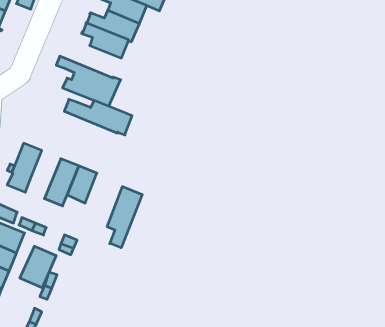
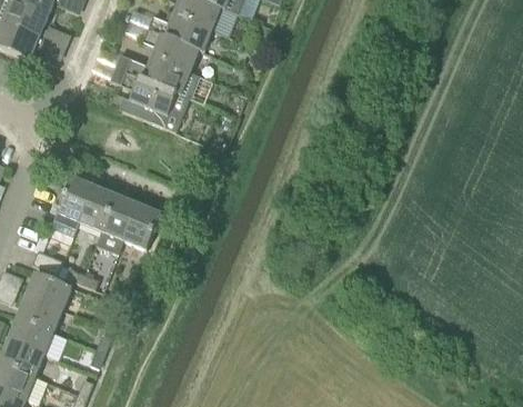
building: [64,99,132,135] -> [114,56,198,99]
building: none -> [78,186,115,231]
building: [107,187,142,248] -> none
building: [20,246,56,288] -> none

